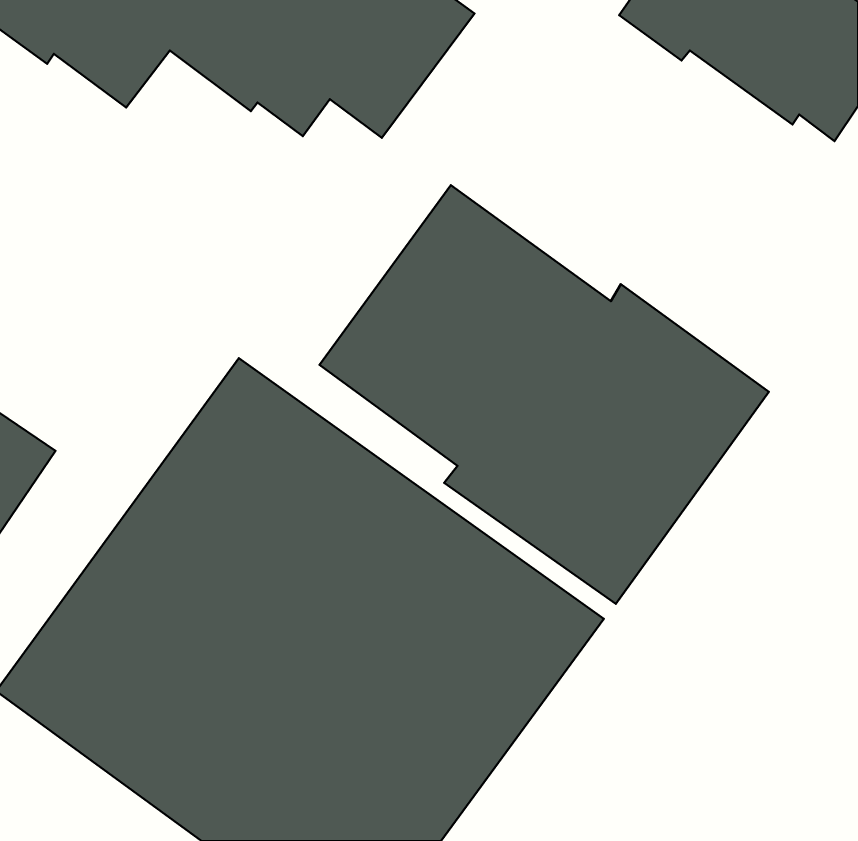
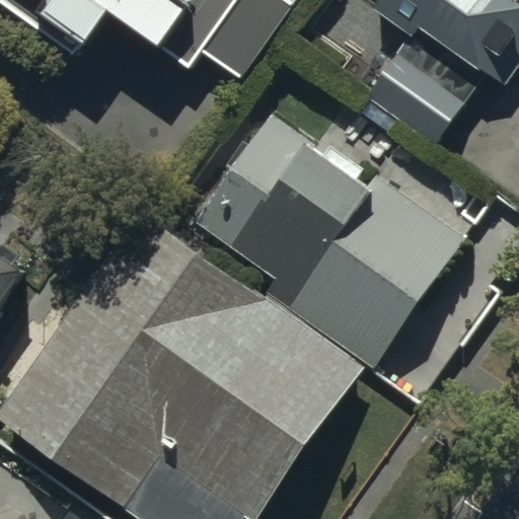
building: none -> [362,38,473,146]

